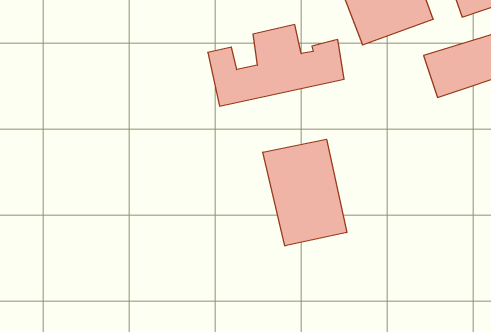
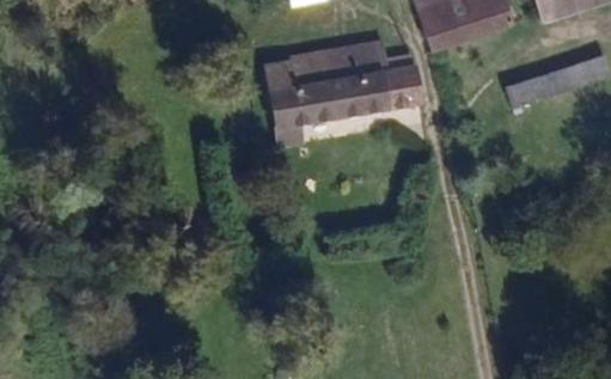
building: [263,139,347,246] -> none

